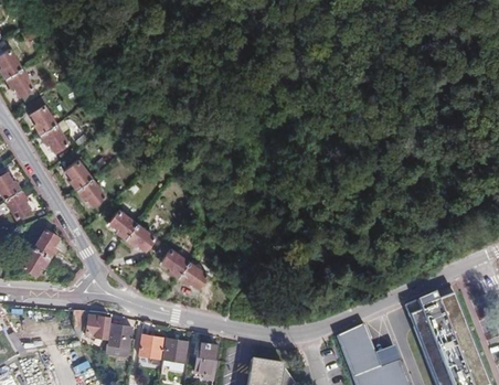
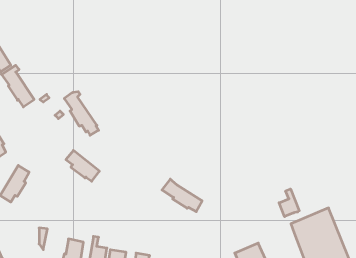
building: [61,151,106,208] -> [64,92,99,135]
building: [152,244,205,287] -> [162,179,202,212]
building: none -> [279,189,299,217]
building: [85,316,110,339] -> none

